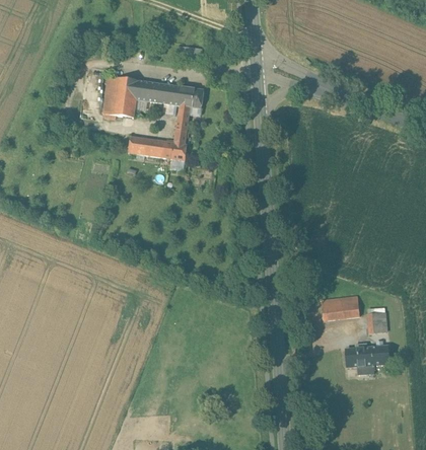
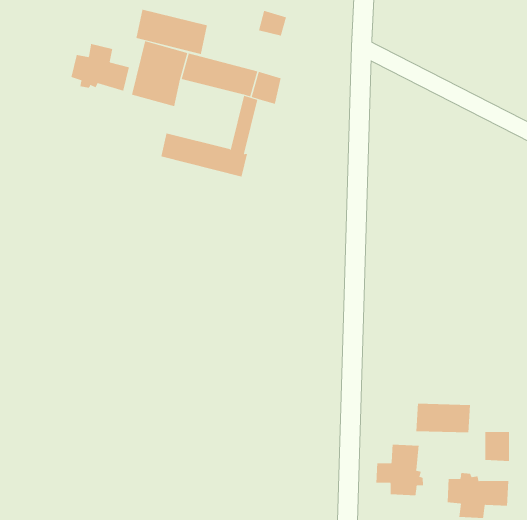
building: none -> [136,9,207,55]
building: none -> [71,43,130,92]
building: none -> [376,444,424,496]

